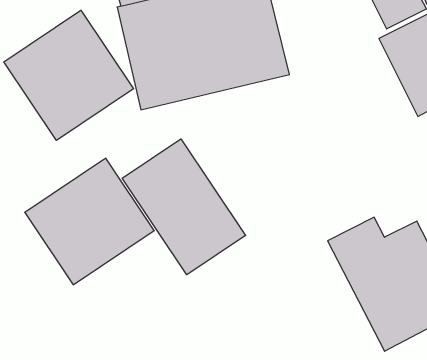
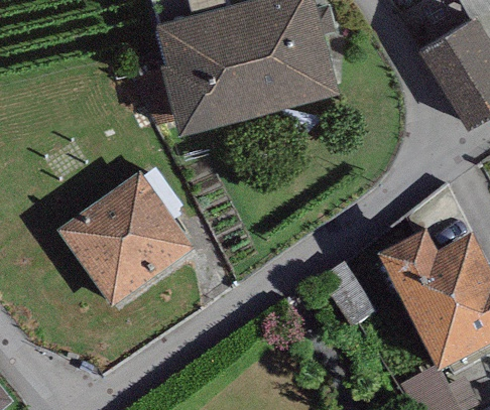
building: [4,10,134,140] -> none
building: [122,139,246,275] -> none

